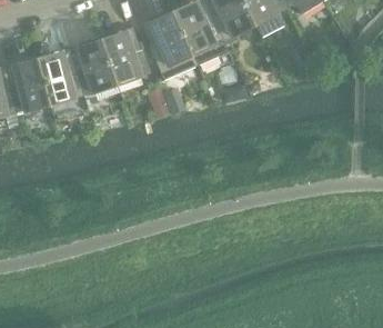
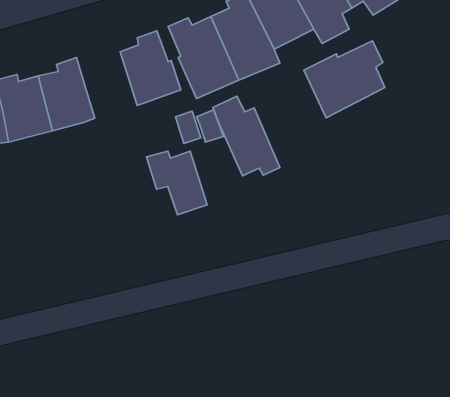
building: none -> [304,41,385,118]
building: [68,42,115,92] -> [146,151,207,215]
building: none -> [213,96,280,176]

